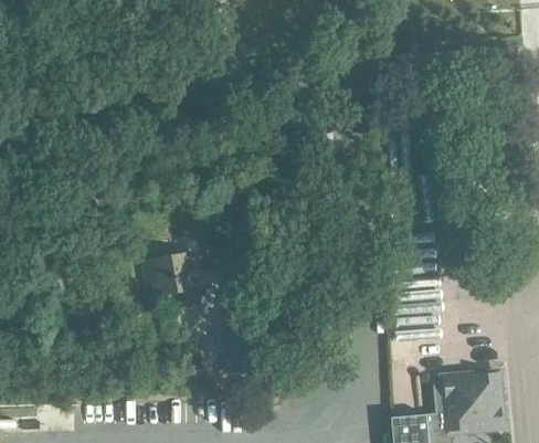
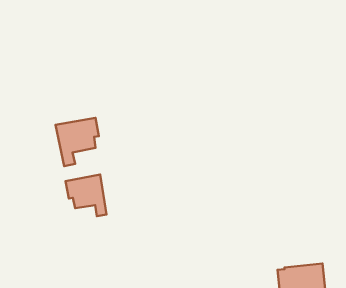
building: none -> [55,118,99,166]

